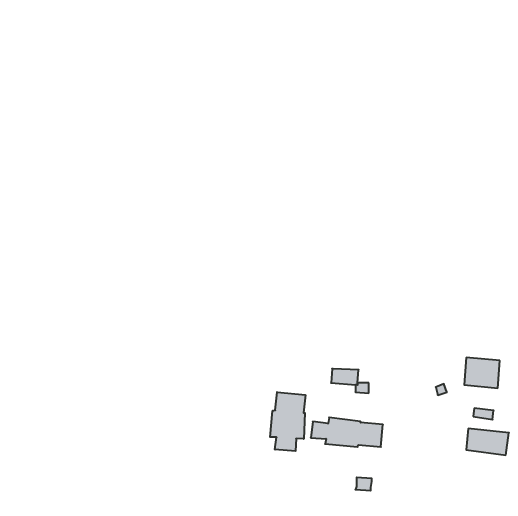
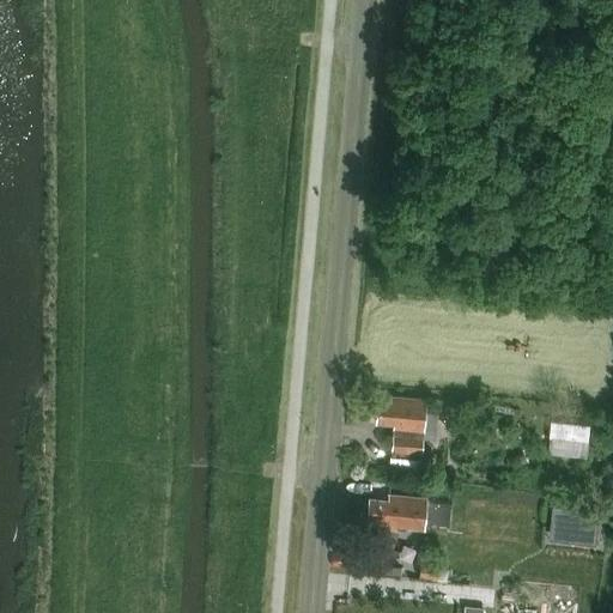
building: none -> [375,397,426,433]
building: [270,392,305,451] -> none

